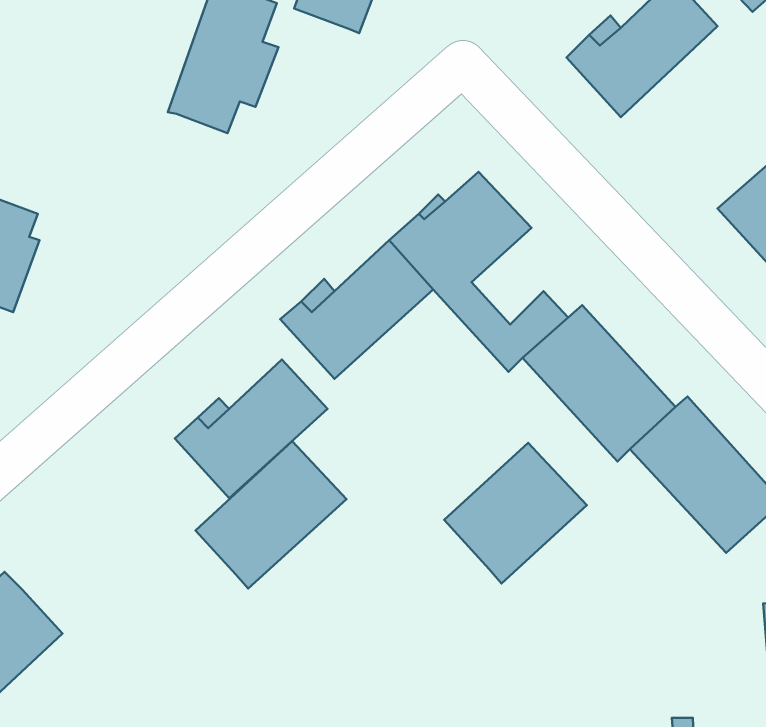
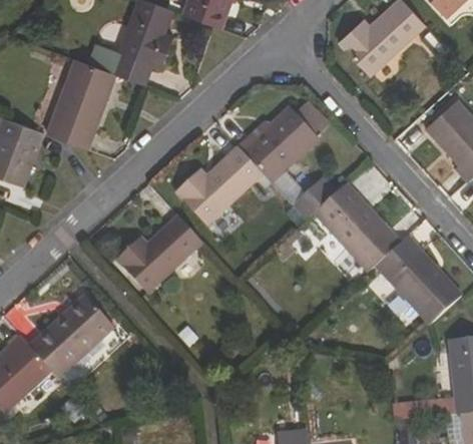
building: none -> [46,58,116,148]
building: [195,441,347,589] -> [28,294,114,378]
building: [444,443,587,583] -> none

